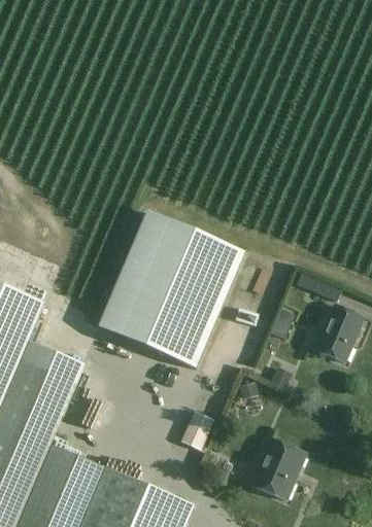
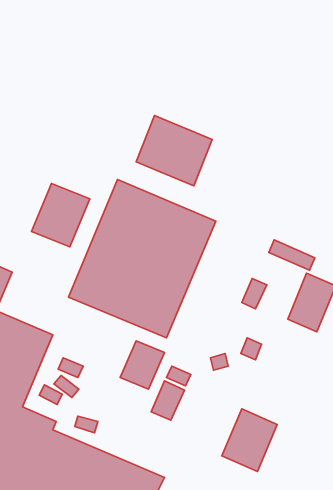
building: none -> [136,115,212,186]
building: none -> [31,183,90,247]
building: none -> [120,341,164,389]

